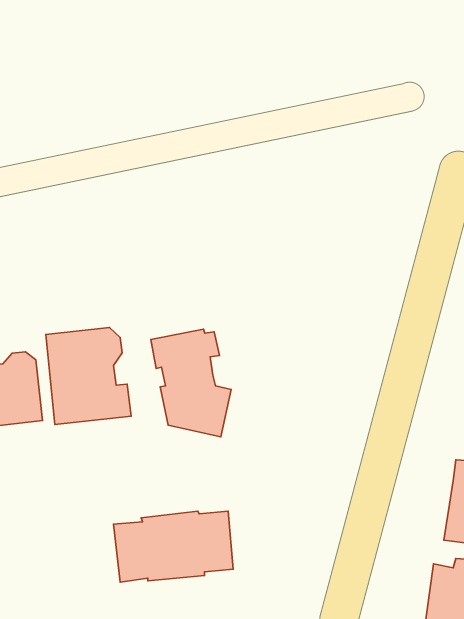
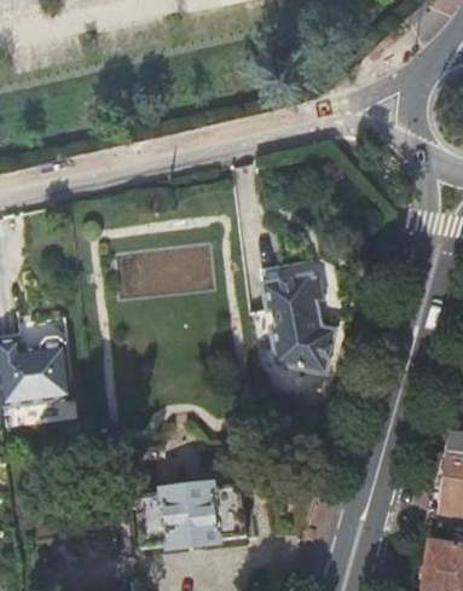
building: [46,328,131,424] -> none
building: [151,329,231,437] -> [257,280,331,379]

